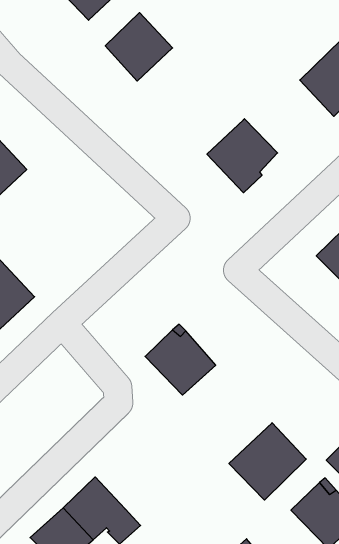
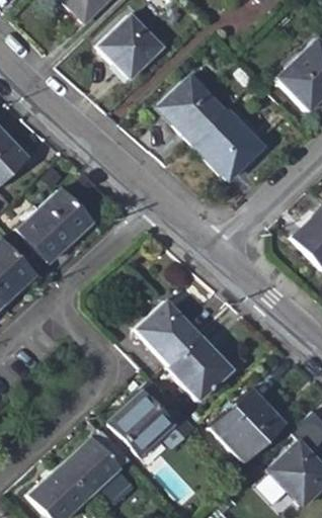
building: none -> [158,76,227,144]
building: none -> [19,189,91,260]
building: none -> [168,337,234,402]
building: none -> [109,392,174,456]

